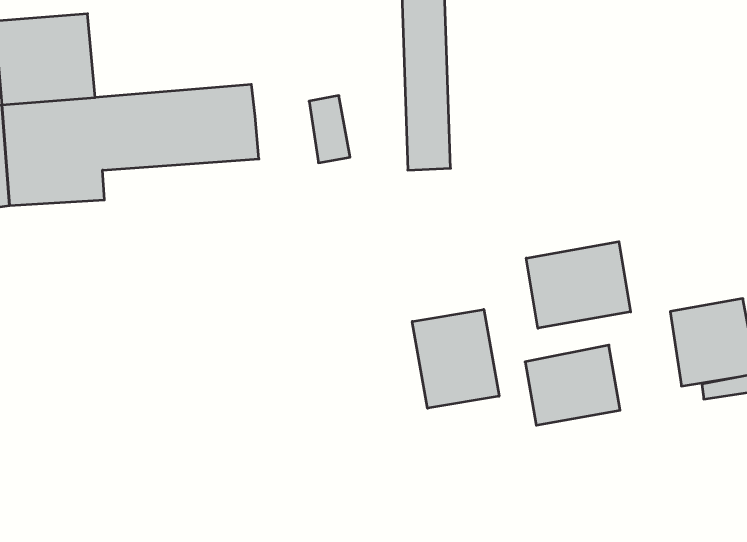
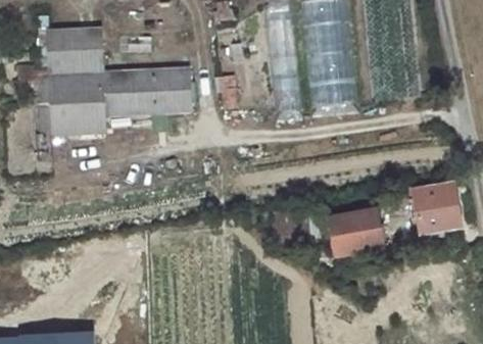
building: [526,242,631,328] -> none
building: [412,309,499,408] -> none

